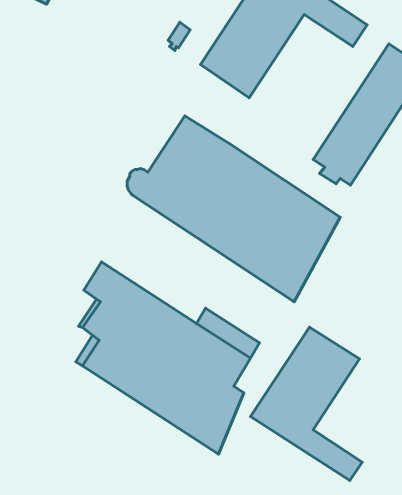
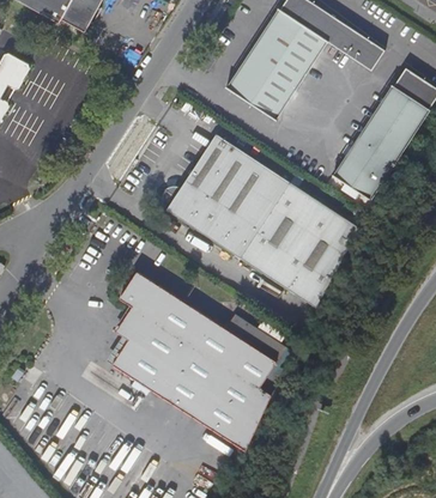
building: [251,327,362,480] -> none

